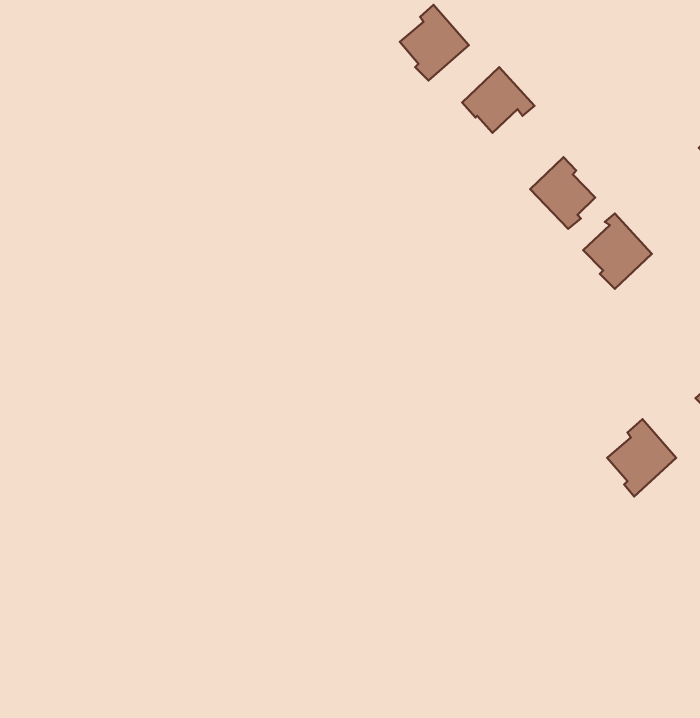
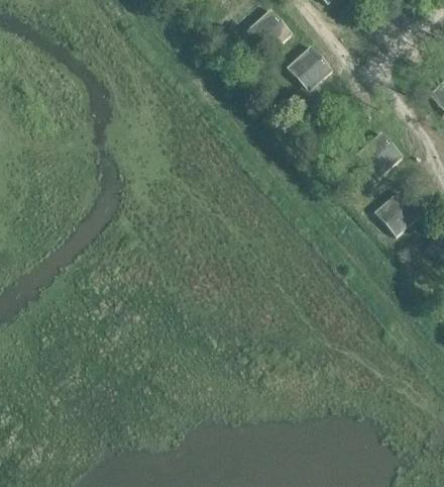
building: [530,157,595,229] -> none
building: [607,419,676,496] -> [379,192,421,238]

